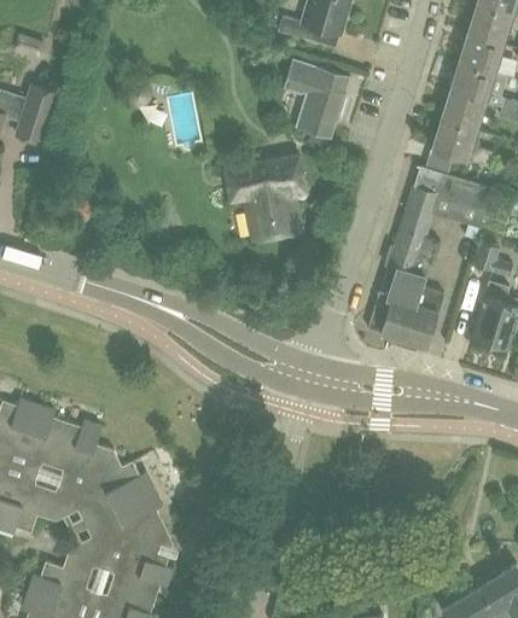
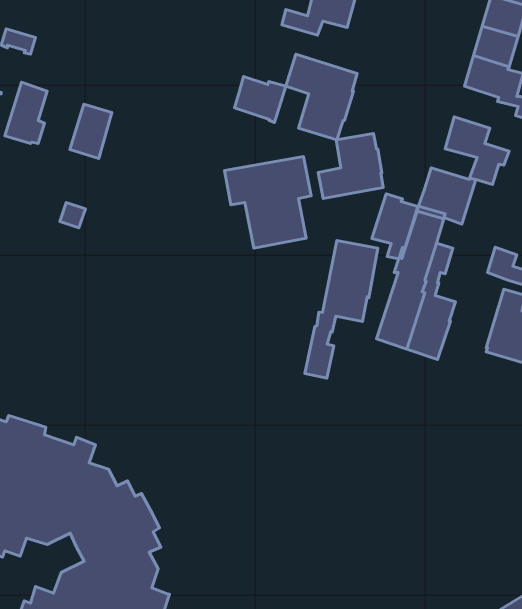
building: none -> [234,76,286,123]
building: [441,88,483,128] -> none
building: none -> [70,104,112,158]
building: none -> [318,133,383,198]
building: [448,176,491,238] -> [372,194,418,259]
building: none -> [305,241,378,378]

